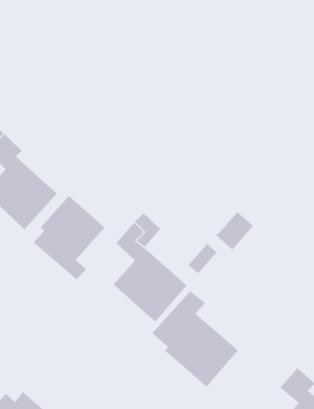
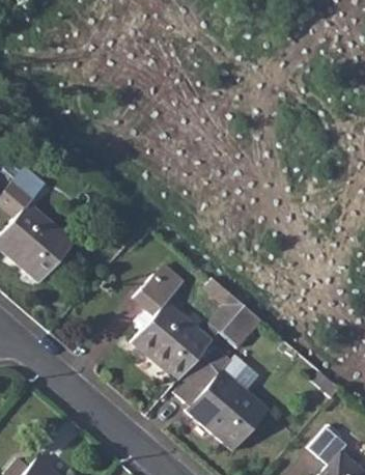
building: [33,195,105,280] -> none
building: [215,212,254,250] -> [220,306,261,347]

